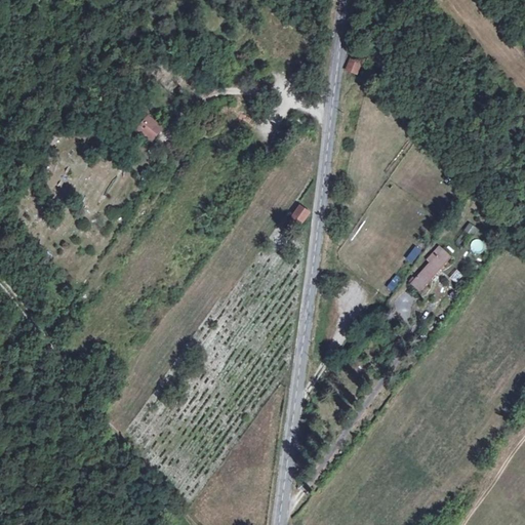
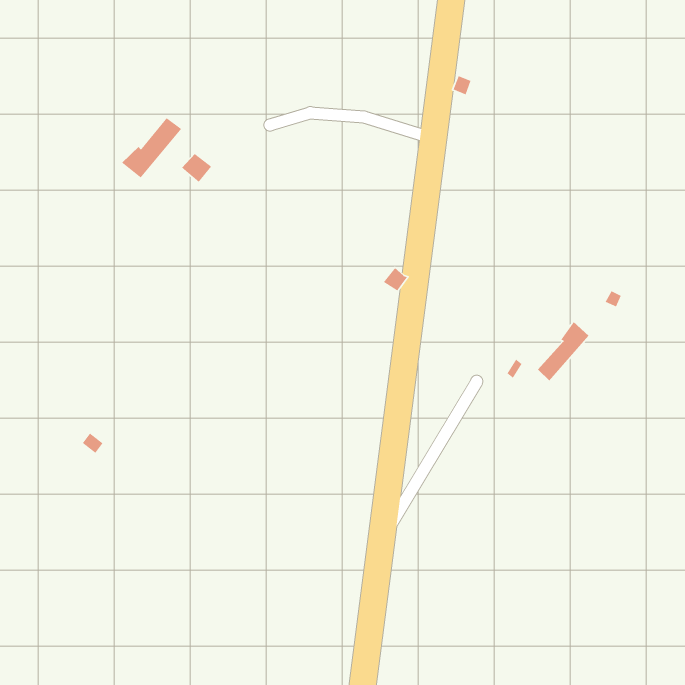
building: none -> [121,117,182,179]

